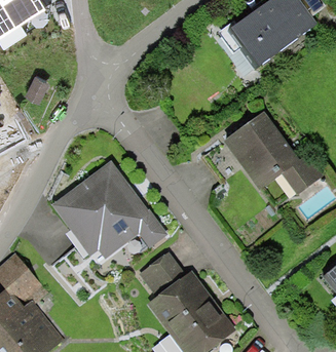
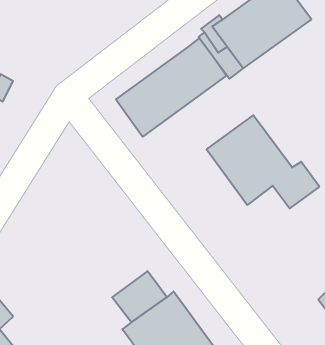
building: none -> [116,38,226,137]
building: [51,162,169,268] -> none

